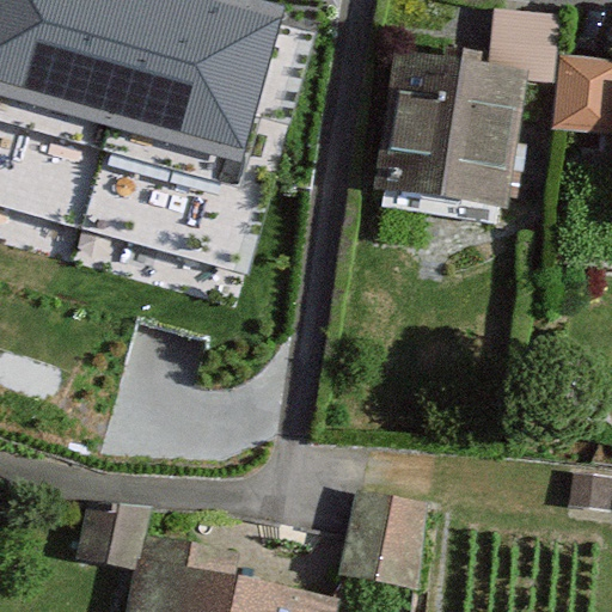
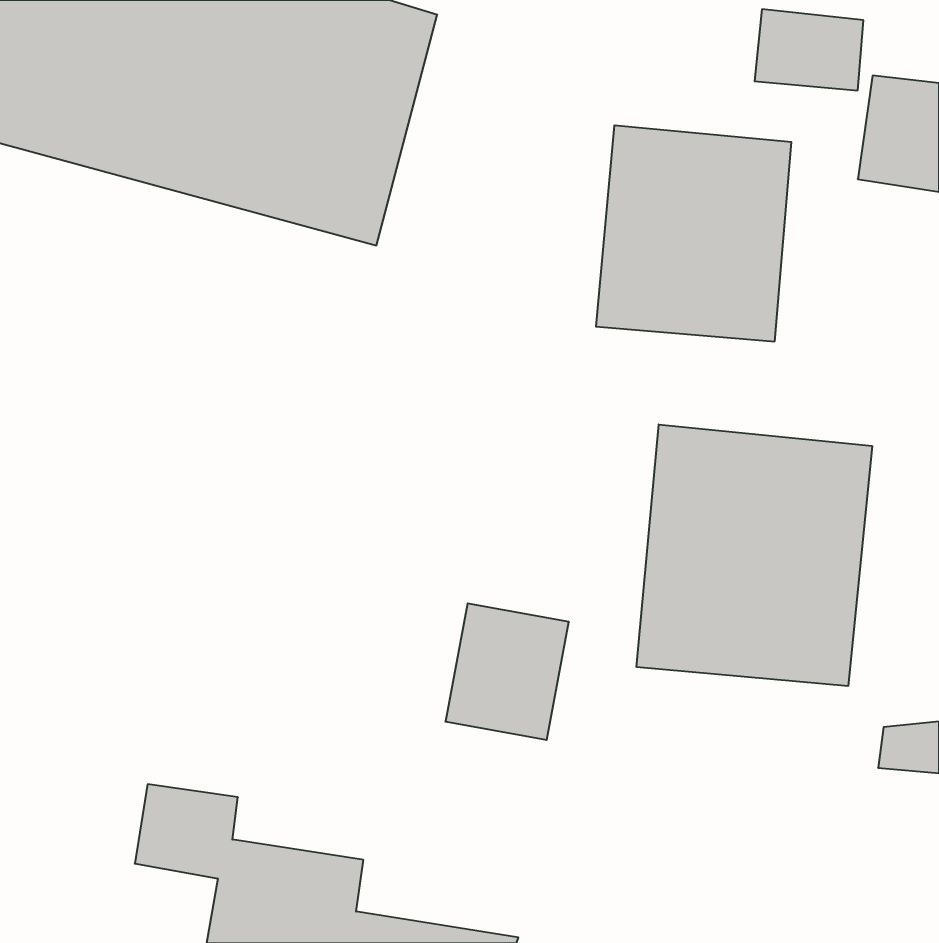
building: none -> [637,424,872,686]
building: [347,501,427,589] -> [445,603,569,740]

